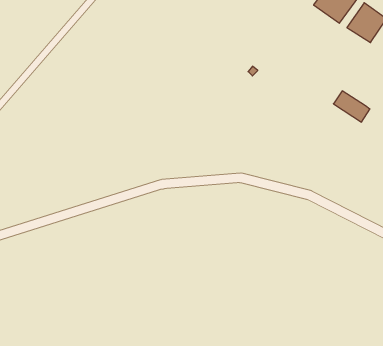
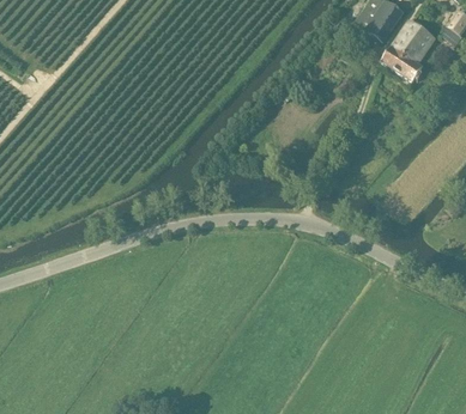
building: [333,91,370,122] -> [381,48,422,83]

